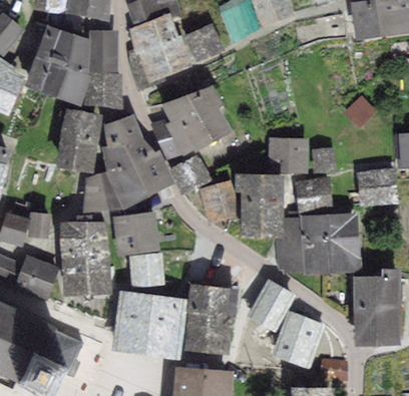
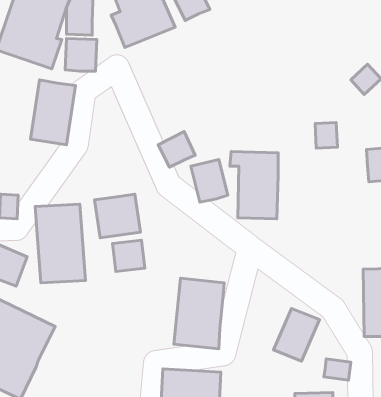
building: [153,83,226,157] -> none
building: [89,117,165,208] -> none
building: [271,140,305,170] -> none
building: [298,178,330,208] -> none
building: [282,217,359,275] -> none
building: [254,284,290,326] -> none
building: [117,293,183,354] -> none

